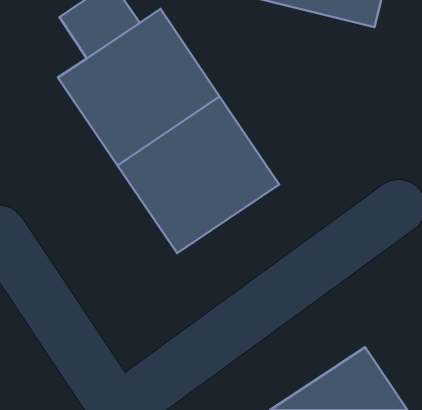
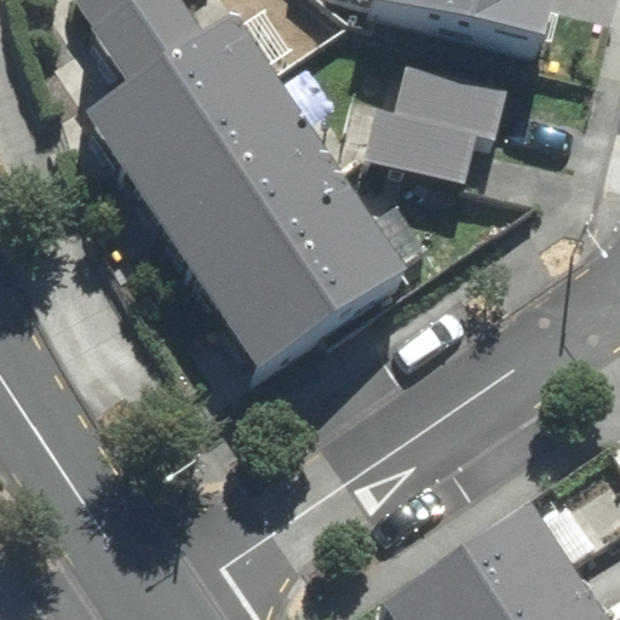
building: none -> [362,62,509,183]

